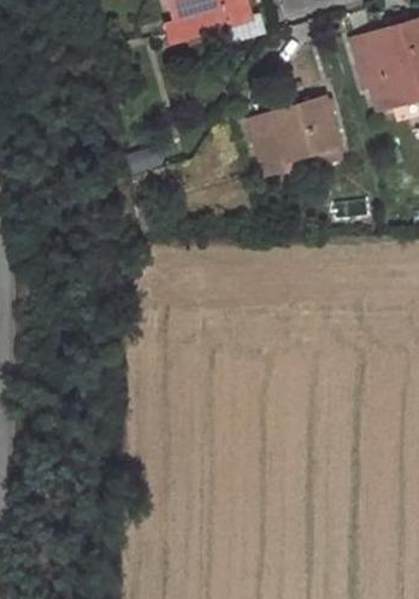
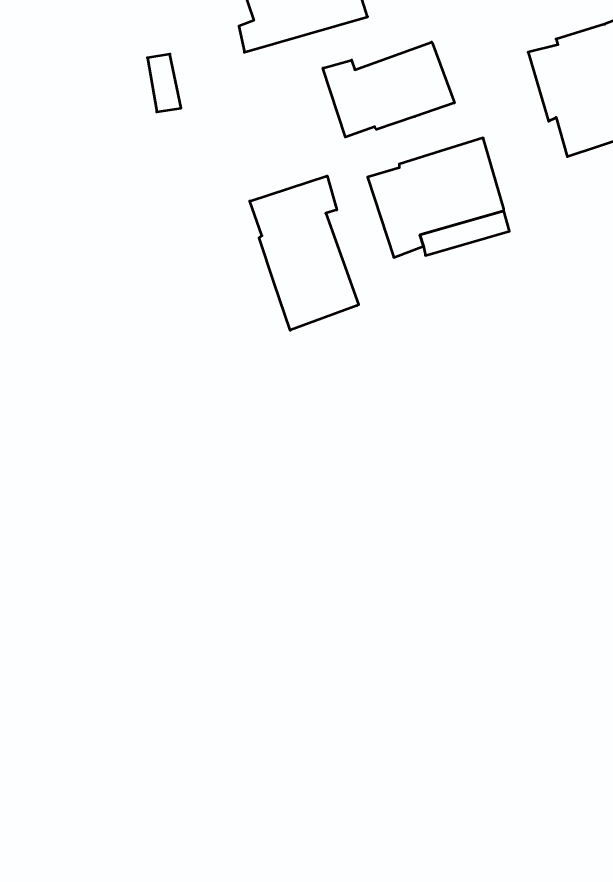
building: none -> [323,42,454,137]
building: none -> [250,176,359,330]

